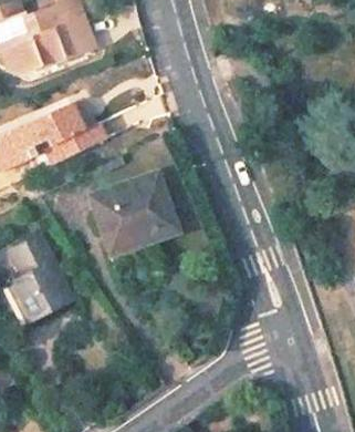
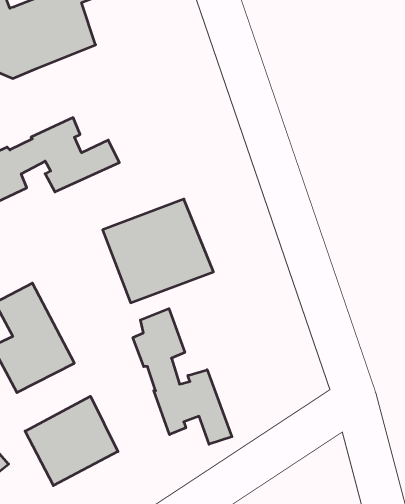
building: none -> [133,309,232,444]
building: none -> [25,396,118,486]

